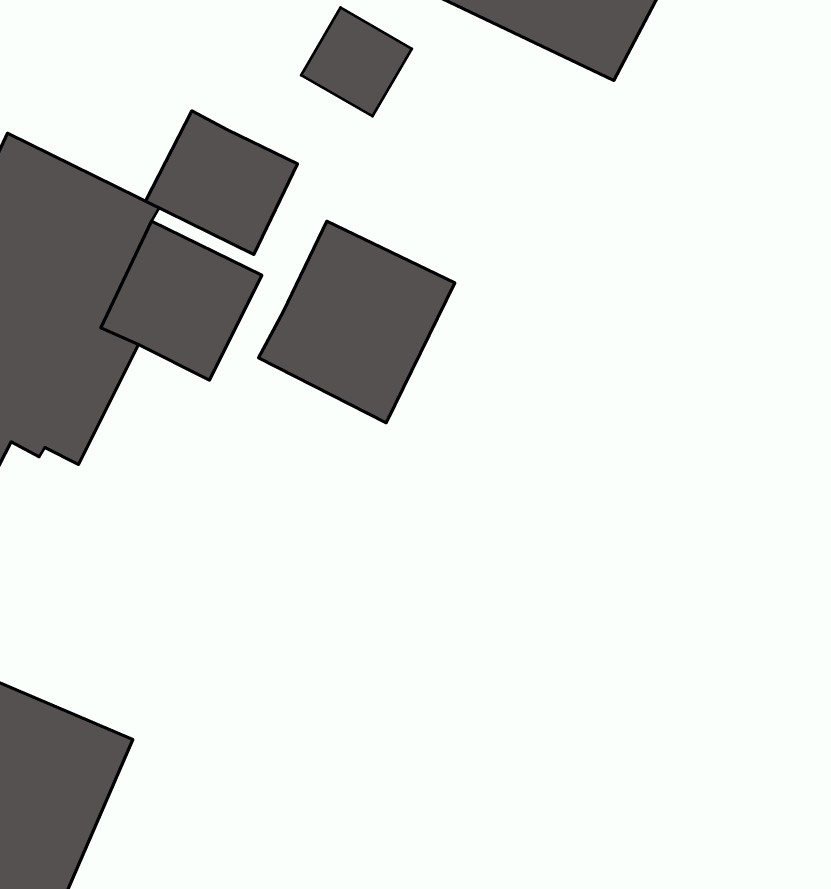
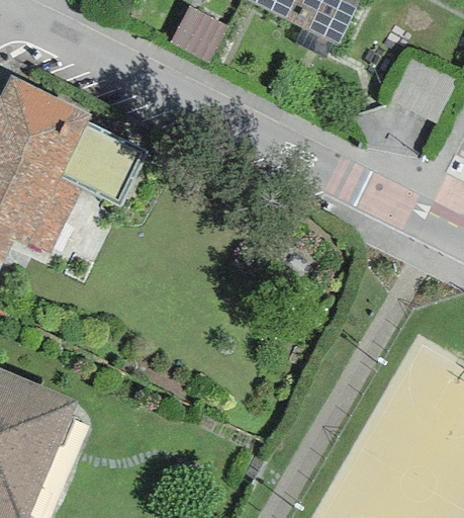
building: [146,111,298,255] -> none
building: [259,221,455,423] -> none

